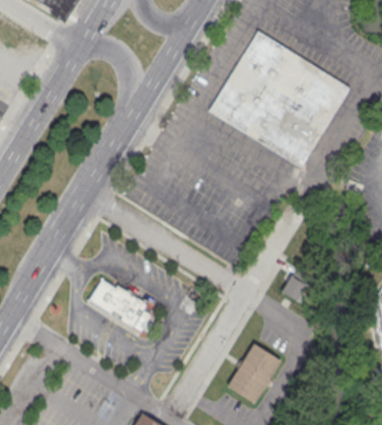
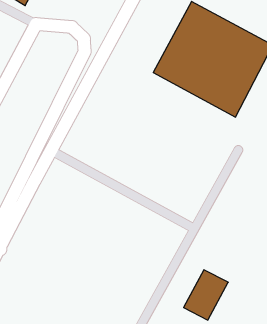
building: [85,276,150,329] -> none
building: [281,277,308,303] -> none

